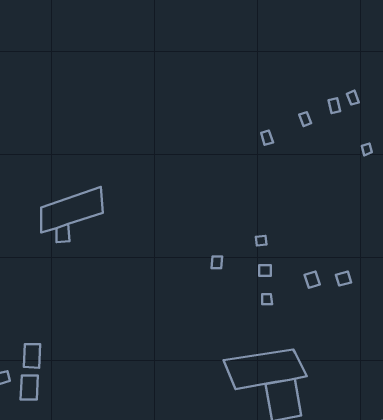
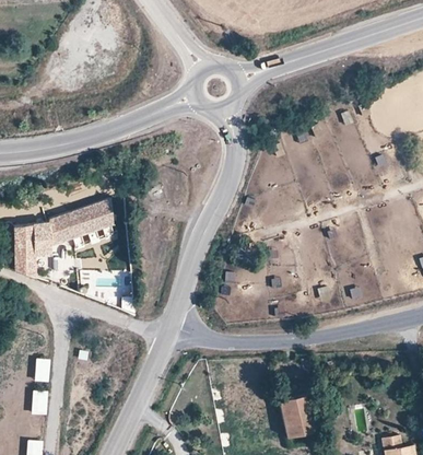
building: none -> [14,223,51,277]
building: [224,349,307,389] -> none

